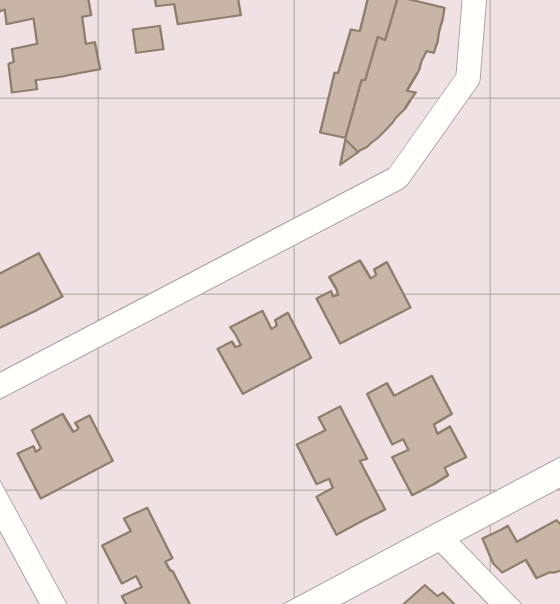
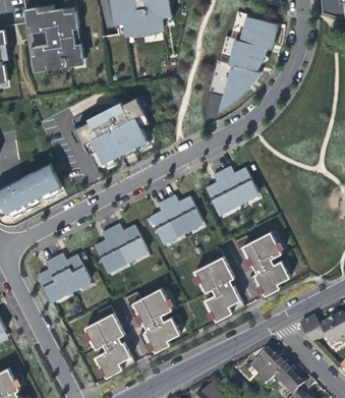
building: none -> [75,98,148,163]
building: none -> [95,223,147,271]
building: none -> [124,287,180,354]

